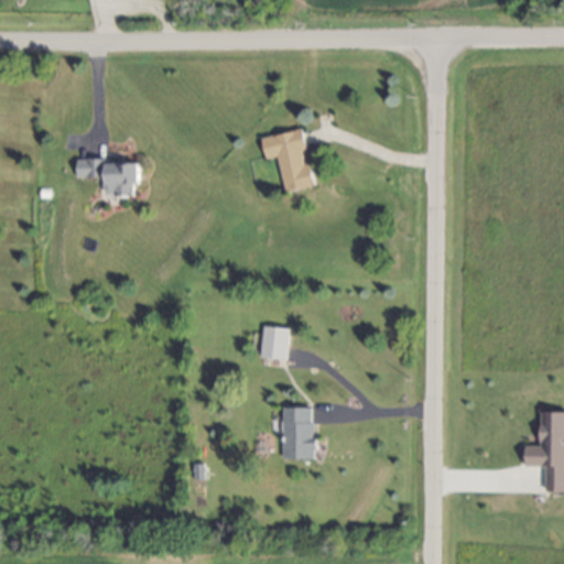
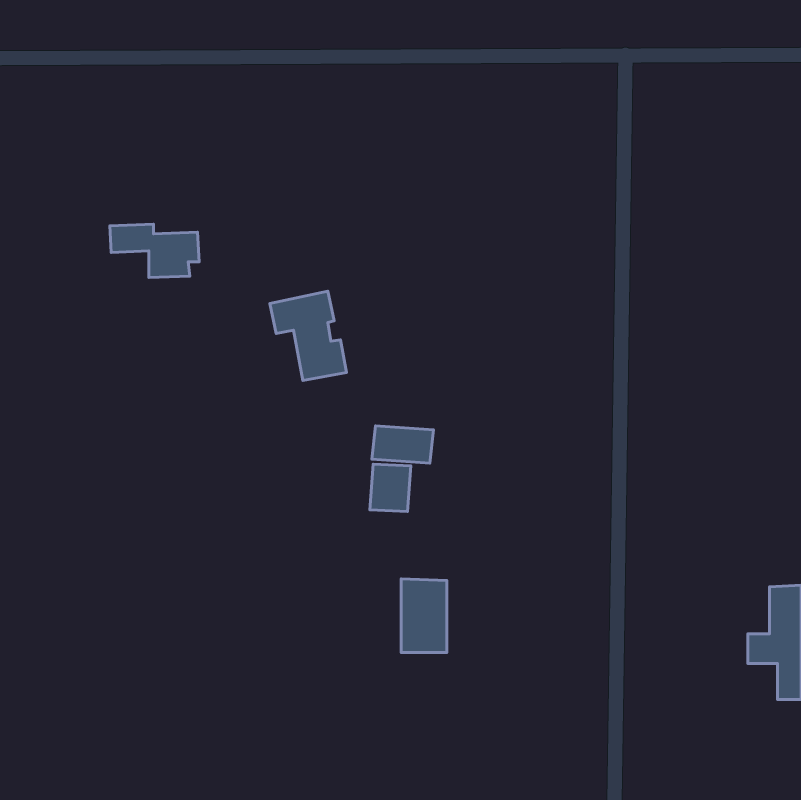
building: [261,129,315,192] -> [270,291,347,380]
building: none -> [372,426,433,463]

